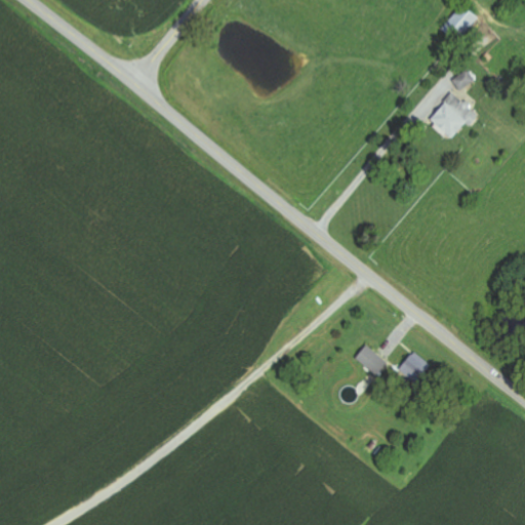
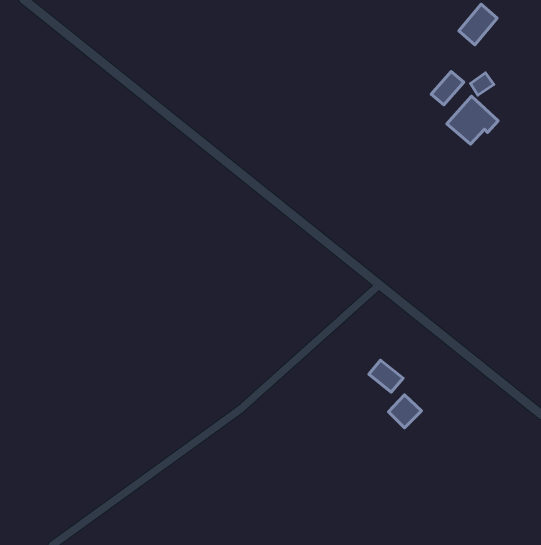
building: none -> [431,72,464,105]
building: [398,352,430,383] -> [388,395,422,428]

